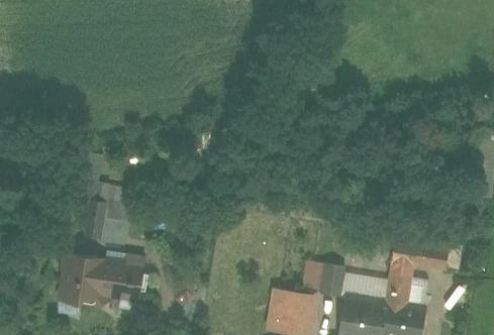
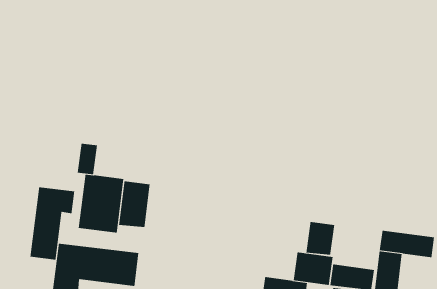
building: none -> [118,181,150,228]
building: none -> [30,187,75,261]
building: none -> [306,221,335,256]

